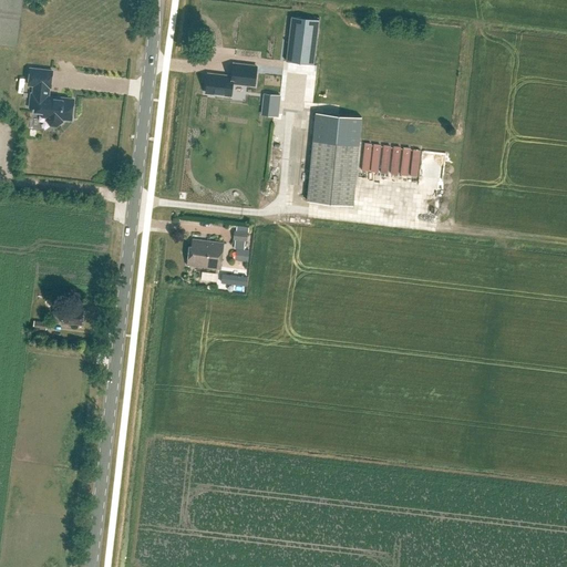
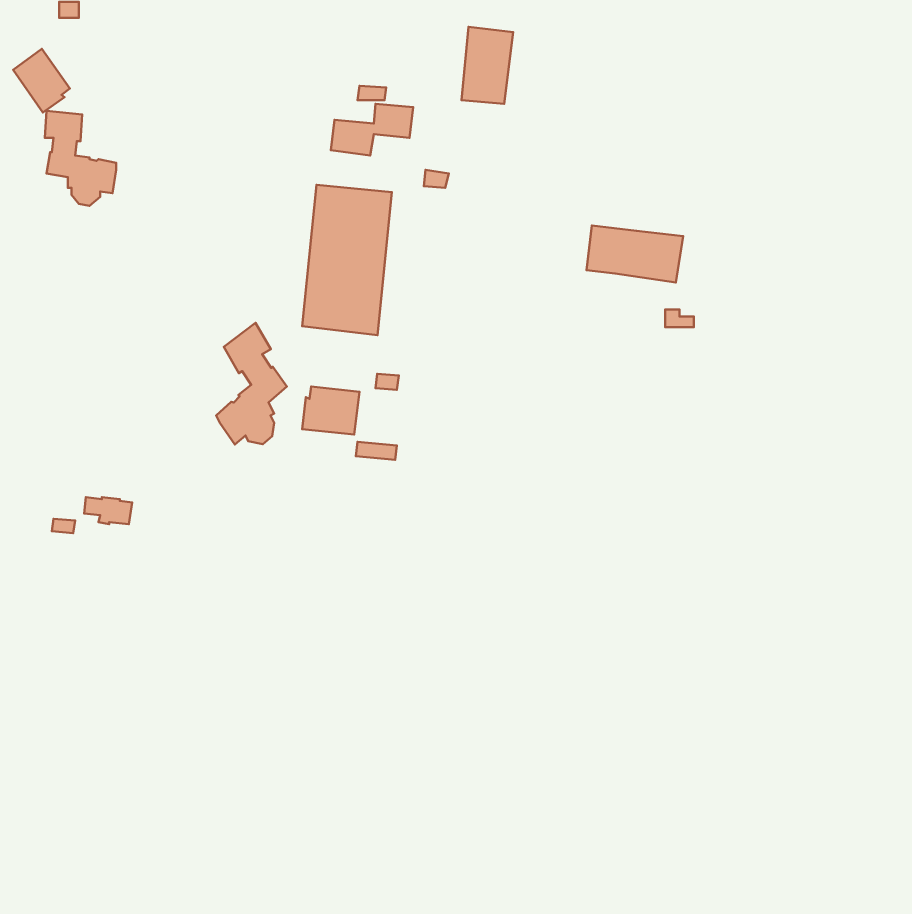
building: none -> [13,49,70,113]
building: [306,113,361,206] -> [302,185,392,335]
building: none -> [216,323,287,445]

